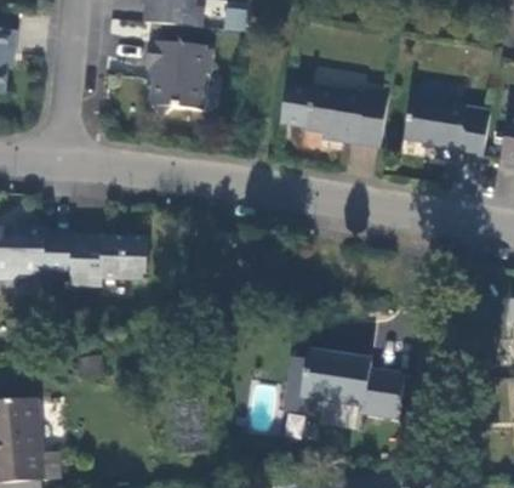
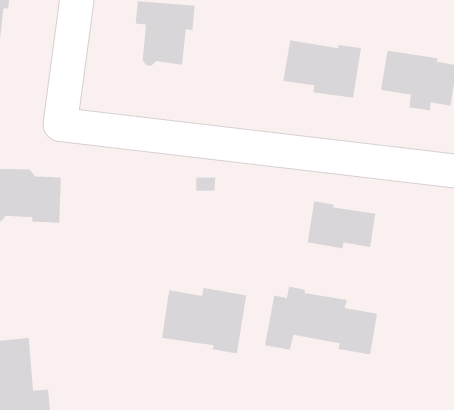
building: [68,232,142,283] -> none
building: none -> [307,200,376,249]
building: none -> [161,287,247,354]

